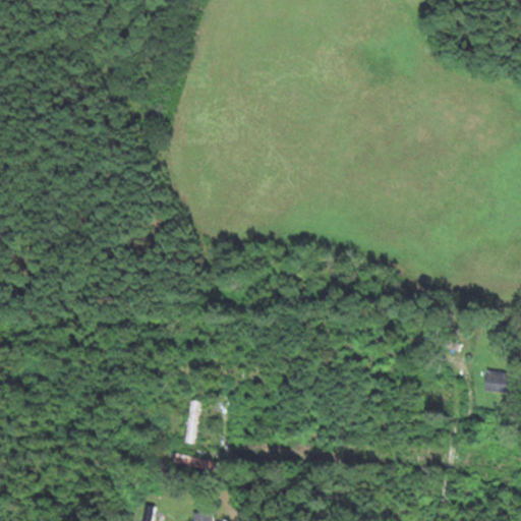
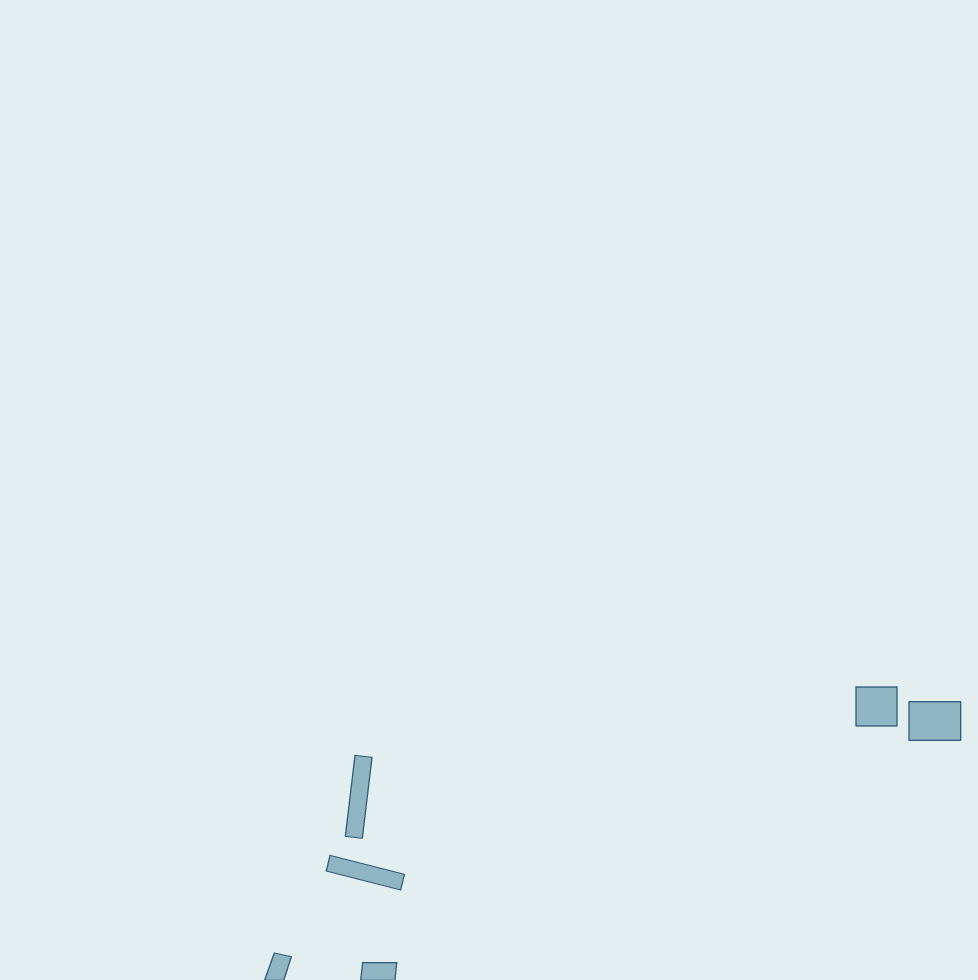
building: none -> [856,687,897,726]

